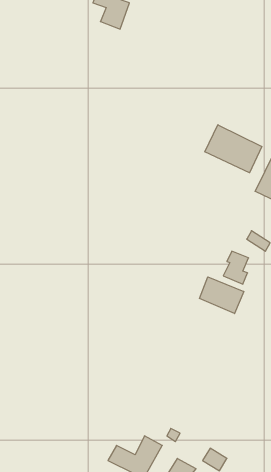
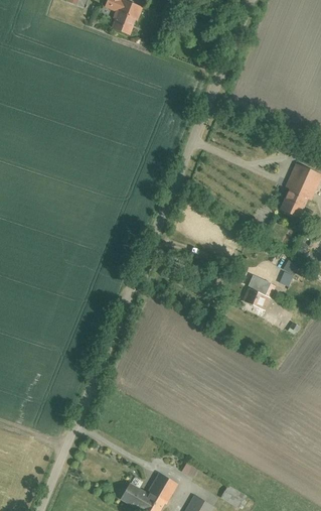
building: [205,125,262,173] -> none
building: [199,277,244,314] -> none

